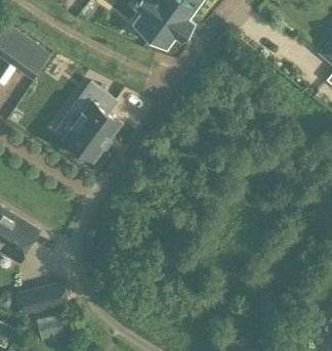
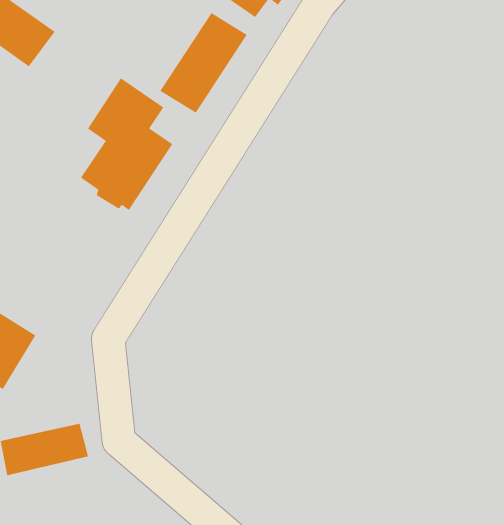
building: none -> [160,12,248,113]

